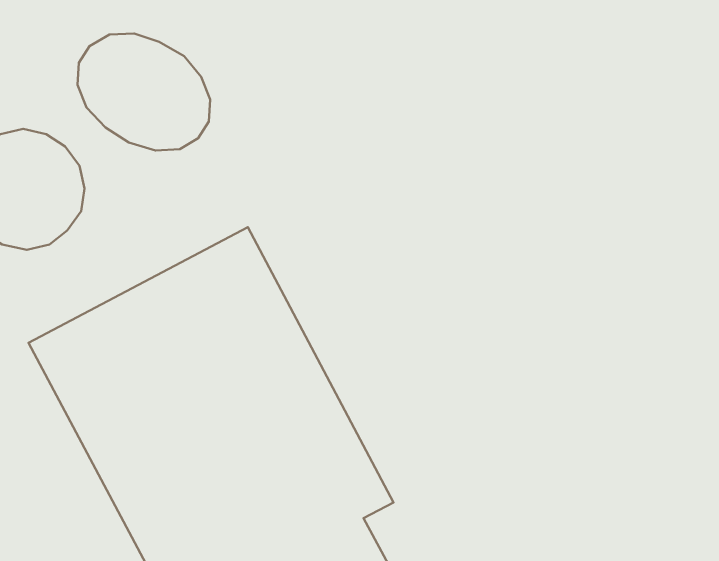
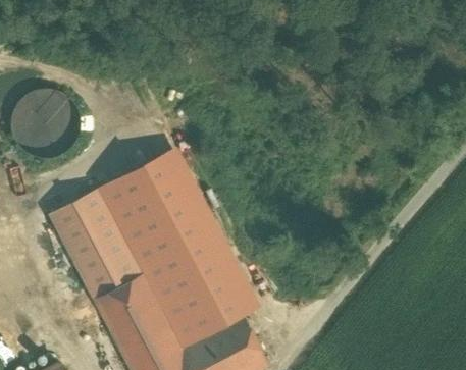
building: [78,33,210,150] -> none

